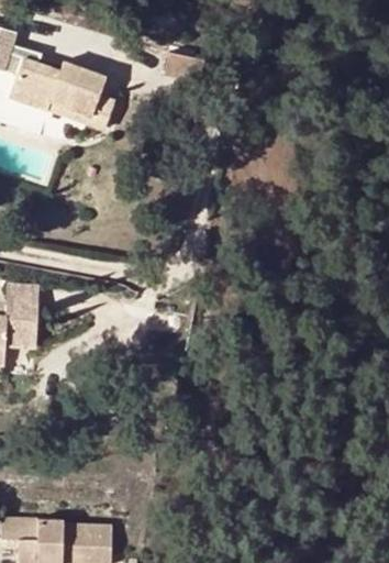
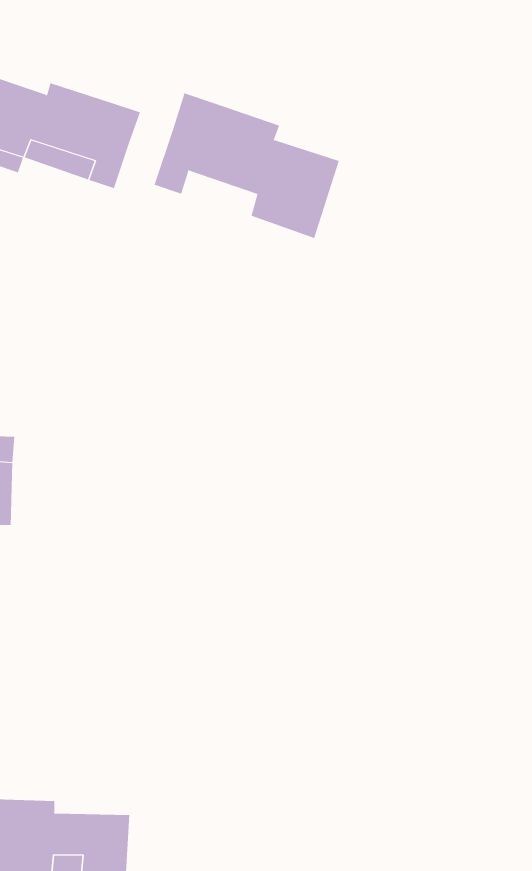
building: none -> [154,93,340,239]

